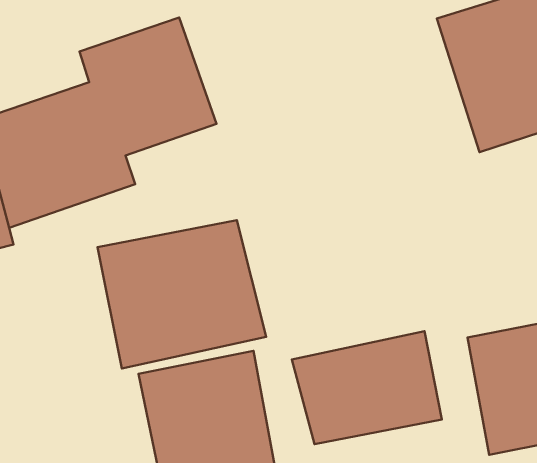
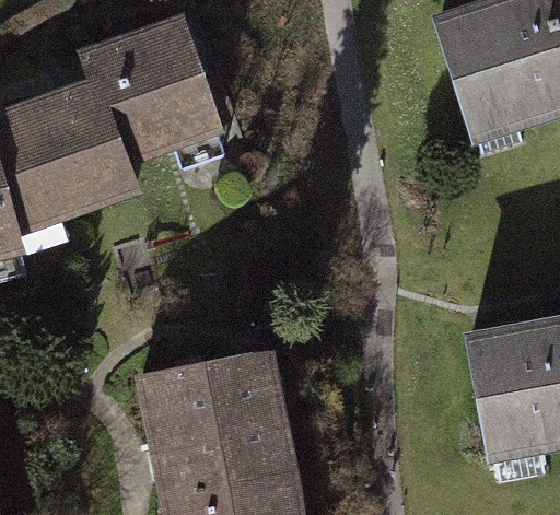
building: [97,220,266,368] -> none
building: [292,331,442,444] -> none

